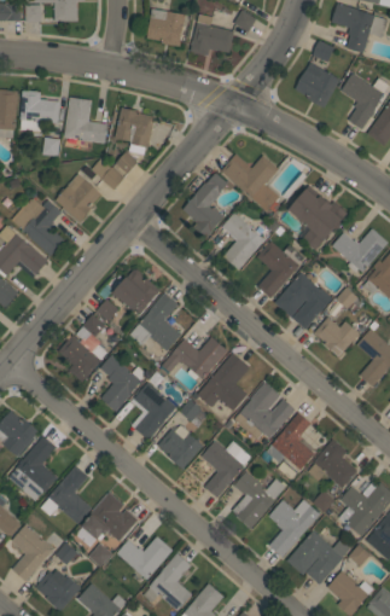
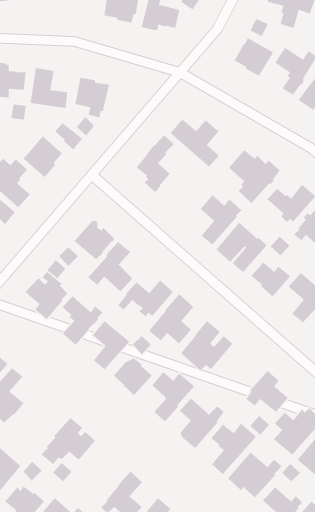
building: [222,214,266,271] -> none
building: [267,413,315,471] -> none
building: [40,465,92,524] -> none
building: [117,536,174,580] -> none

